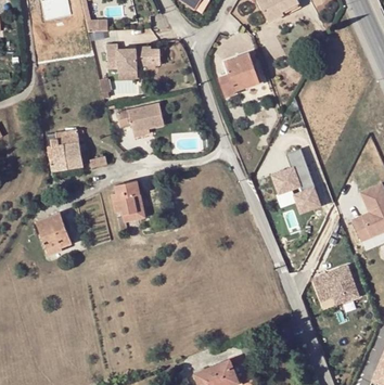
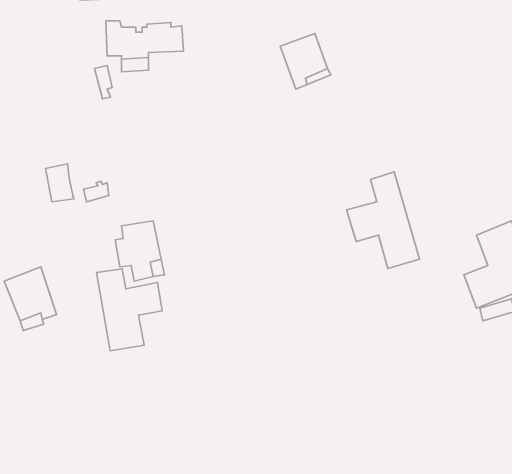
building: [115,101,163,130] -> none
building: [47,130,79,171] -> none
building: none -> [96,269,162,351]
building: [311,265,359,309] -> none

